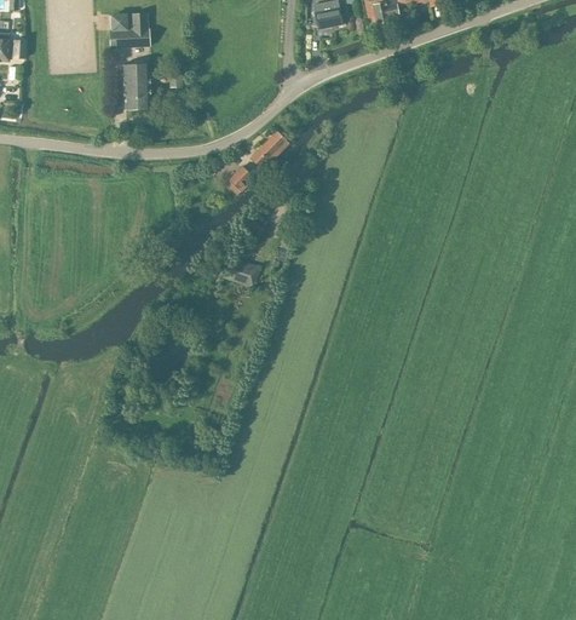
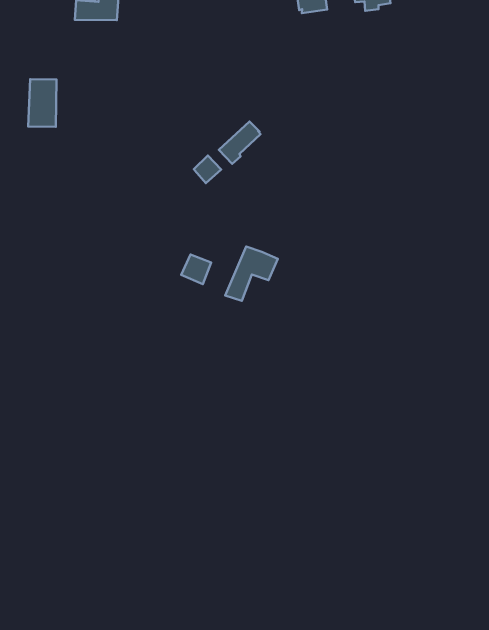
building: [123,63,150,108] -> [28,79,57,127]
building: none -> [225,247,278,301]

